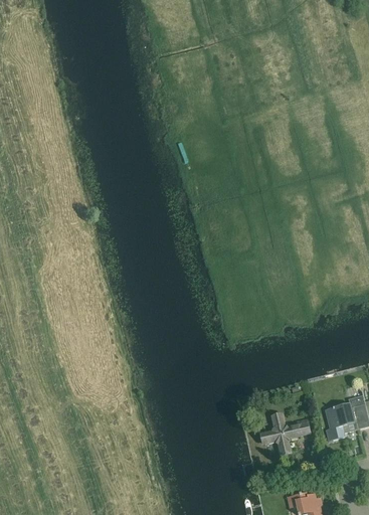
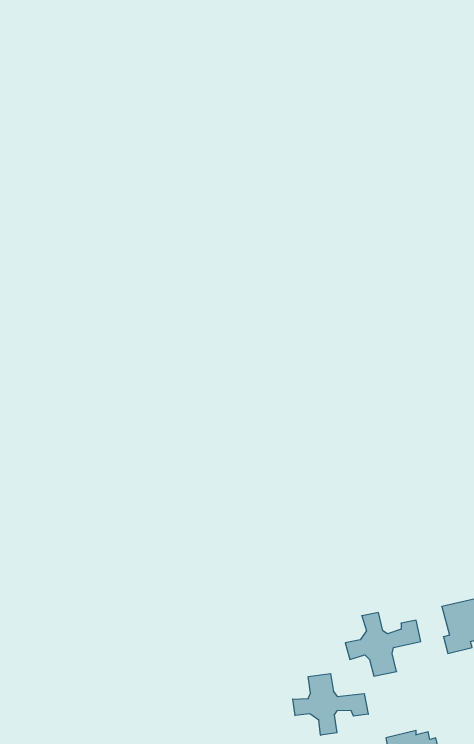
building: none -> [293,674,368,735]

